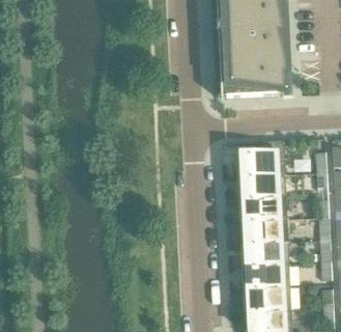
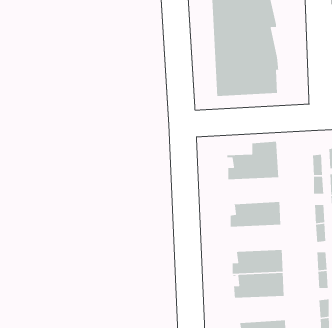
building: [236,173,286,198] -> none
building: [238,218,288,243] -> none
building: [243,285,291,310] -> none

